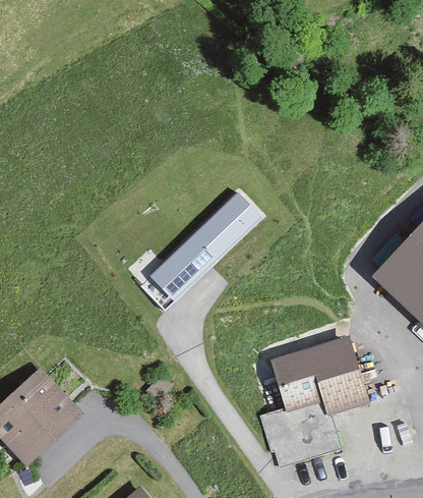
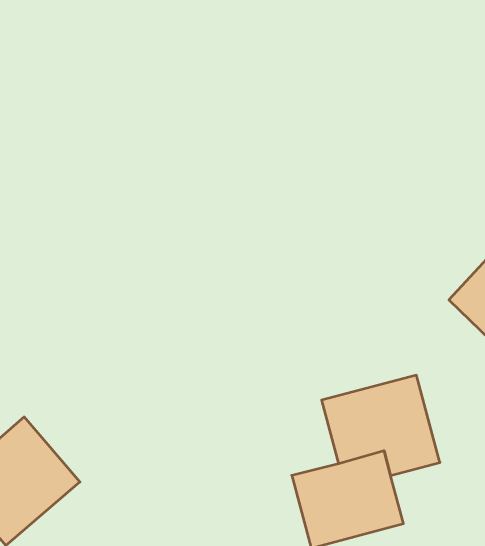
building: [150,195,257,296] -> none

